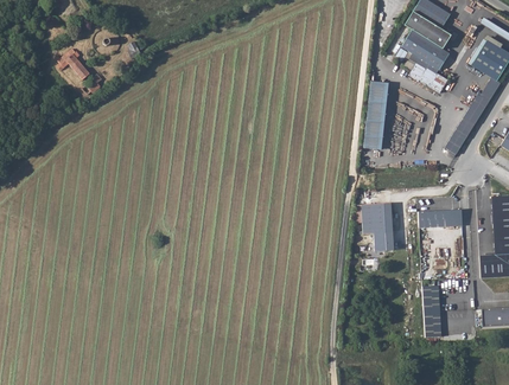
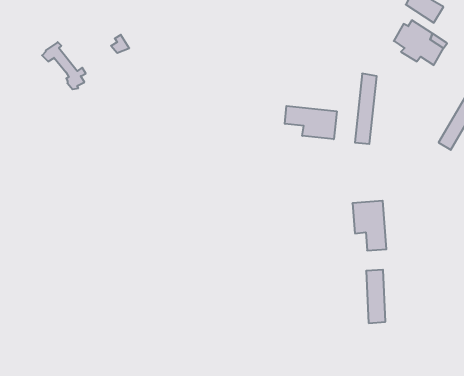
building: none -> [285,106,337,139]
building: [419,208,464,227] -> none
building: [422,285,441,338] -> [366,270,385,323]

